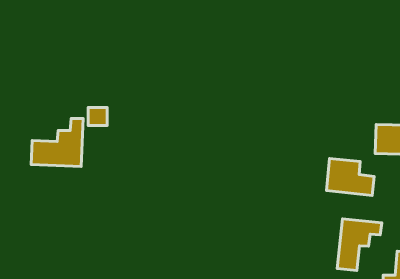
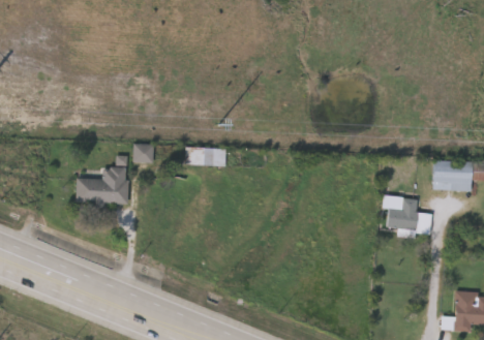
building: none -> [185,147,226,165]
building: [337,219,382,271] -> none

